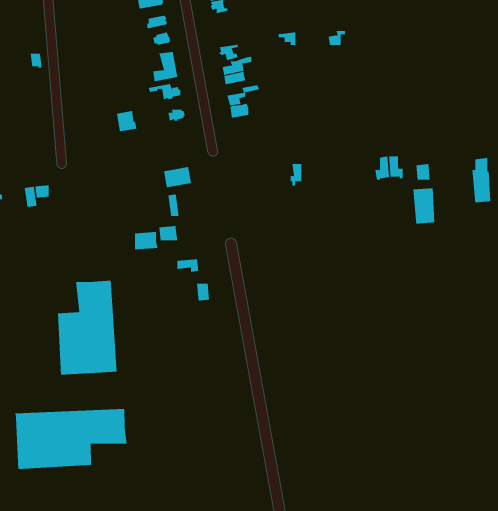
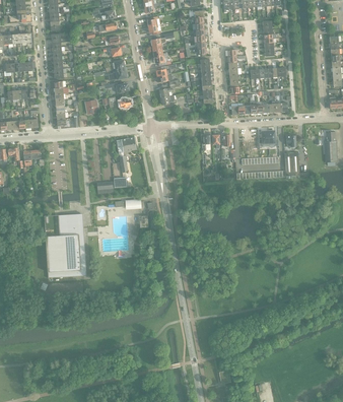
building: [15,408,127,470] -> none

